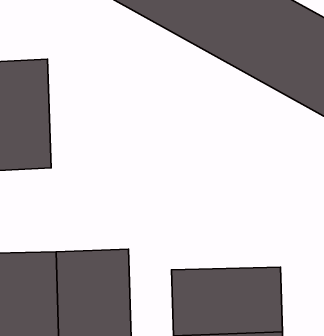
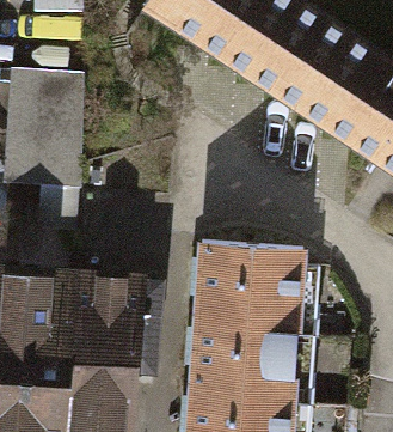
building: none -> [194,241,313,312]

